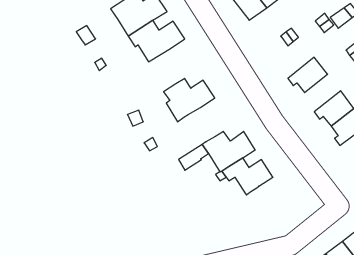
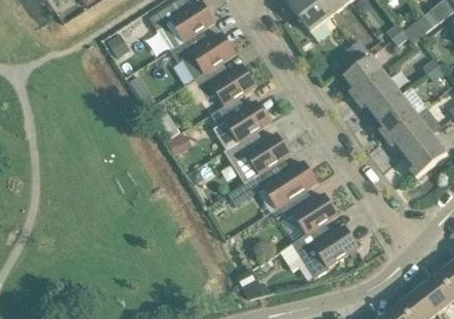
building: none -> [343,54,385,98]
building: none -> [195,64,255,105]
building: none -> [374,93,416,137]
building: none -> [230,132,290,172]
building: none -> [296,224,358,277]

